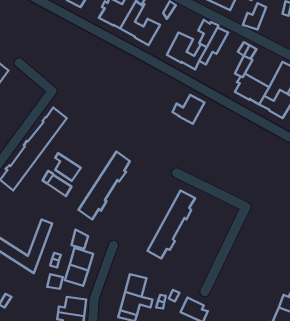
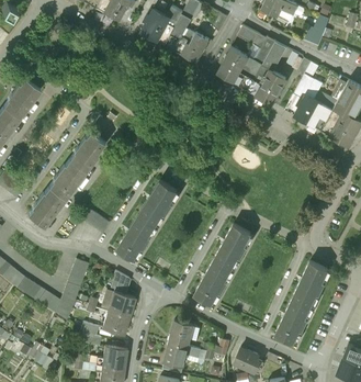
building: [173,95,205,124] -> [249,70,285,103]
building: [55,153,81,181] -> none
building: none -> [277,262,326,341]

